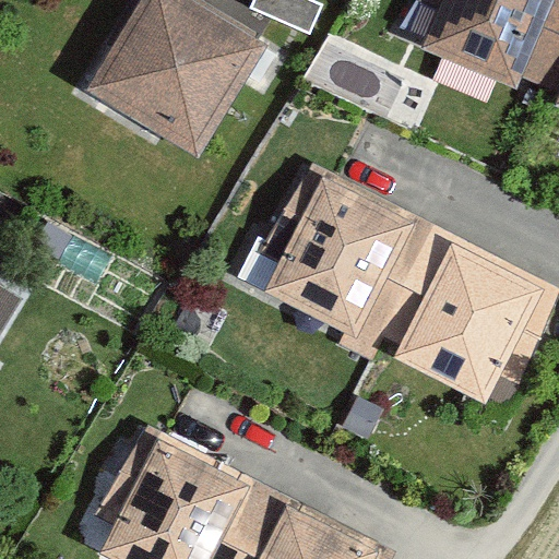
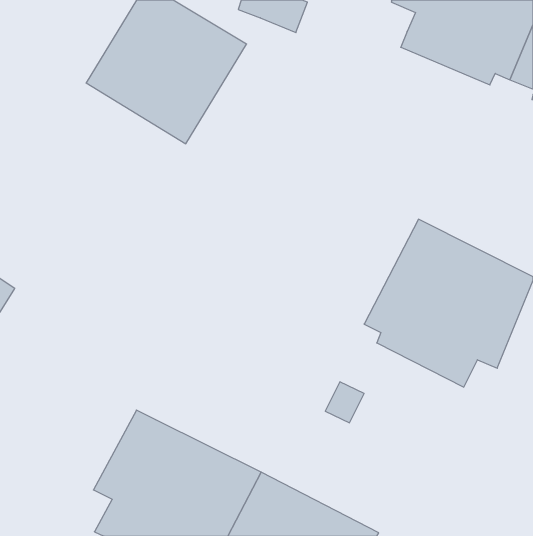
building: [259,166,436,361] -> none

